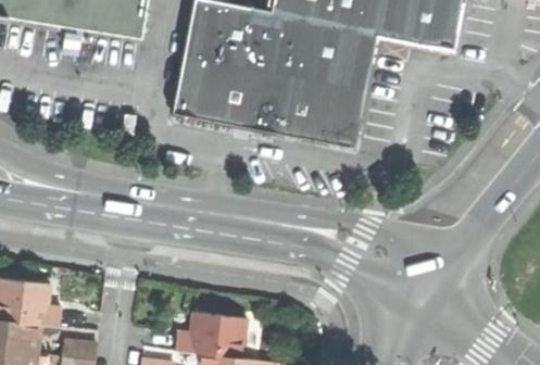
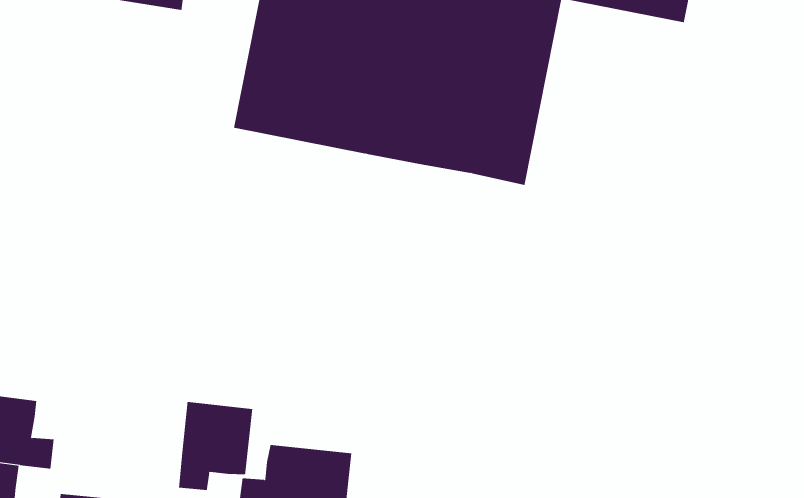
building: none -> [178,401,253,491]

